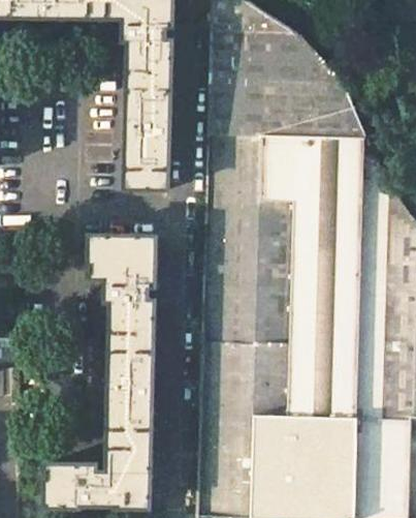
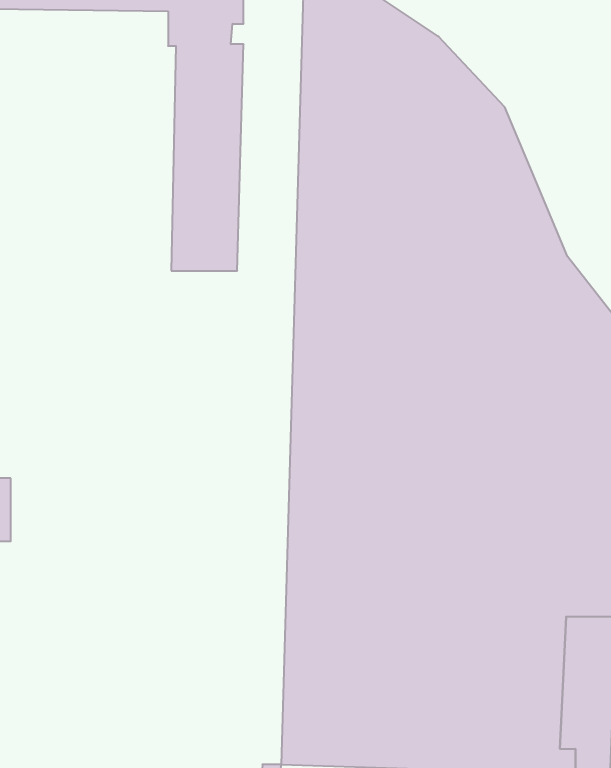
building: [44,235,156,509] -> none

